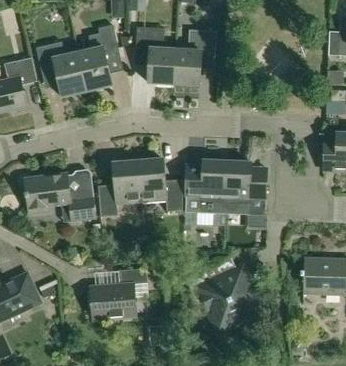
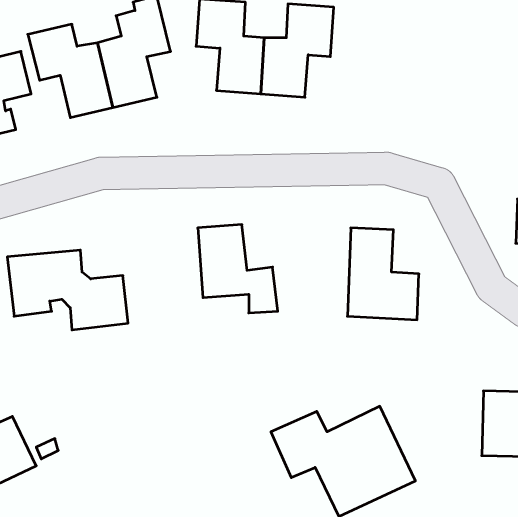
building: [185,160,226,213] -> none
building: [98,161,139,216] -> none
building: [90,267,147,318] -> none

